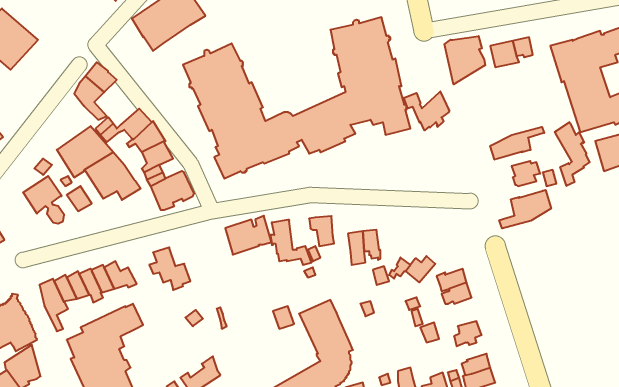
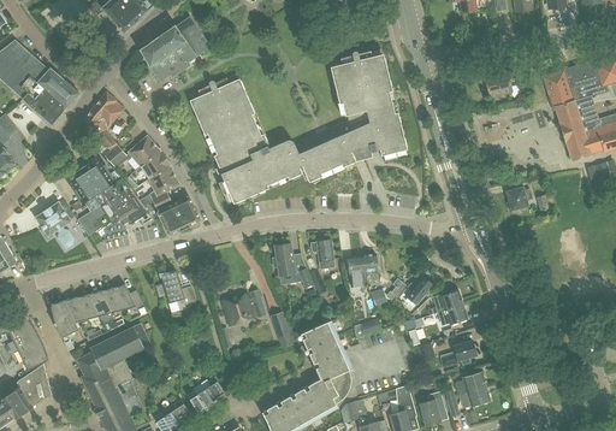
building: [445,36,485,84] -> none
building: none -> [23,69,79,124]
building: [404,91,449,130] -> none
building: [555,122,590,186] -> none
building: [490,127,544,160] -> none
building: [499,190,551,228] -> none
building: [225,216,271,255] -> [221,289,266,326]

